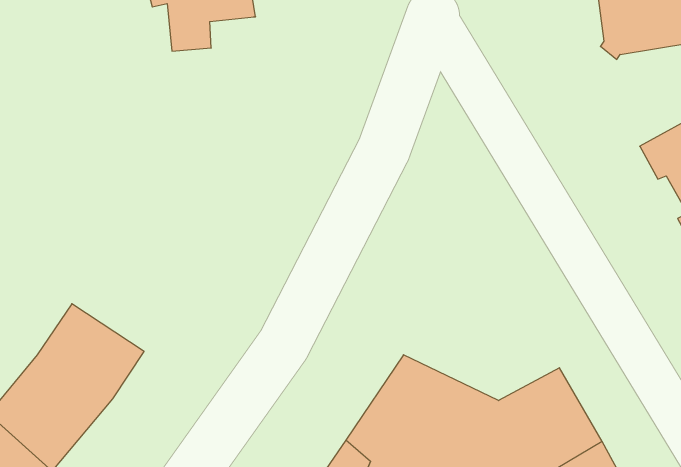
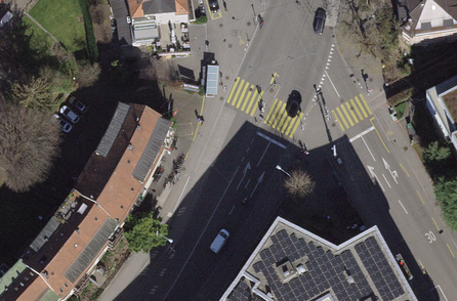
building: none -> [72,105,170,222]

